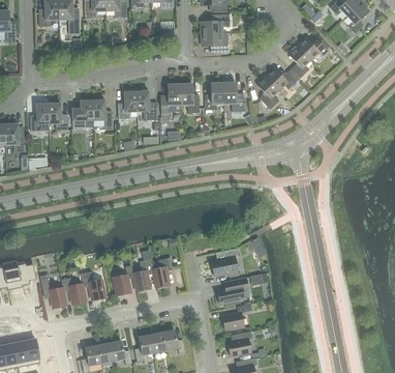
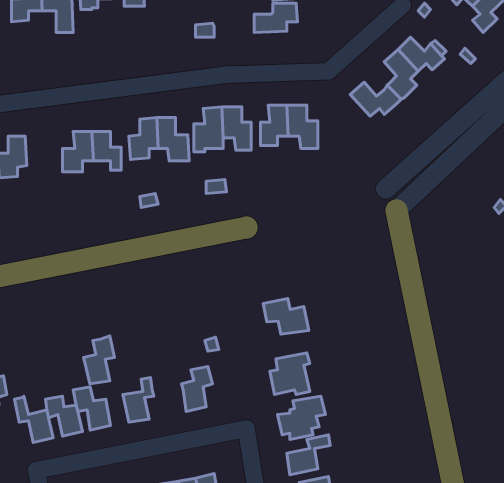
building: [201,32,227,52] -> none
building: [256,75,278,109] -> none
building: [48,103,67,130] -> none
building: none -> [263,298,309,334]
building: [132,258,153,290] -> [84,336,115,384]

